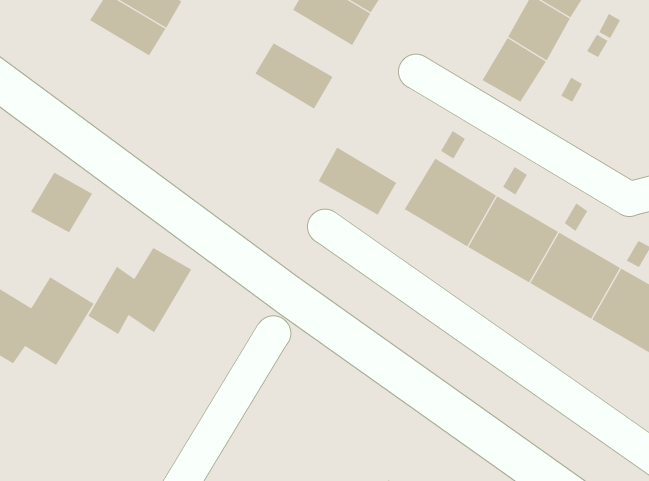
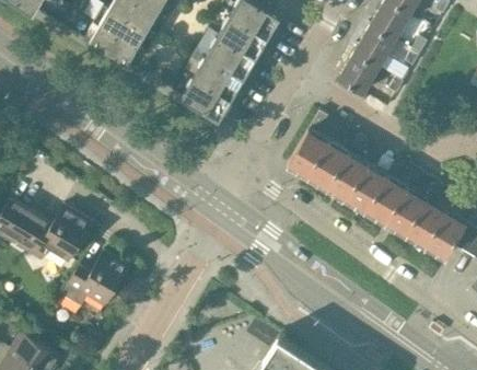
building: none -> [205,37,255,80]
building: [318,147,397,216] -> [181,78,231,122]
building: [30,172,93,233] -> none
building: [87,247,192,335] -> [60,254,127,310]

